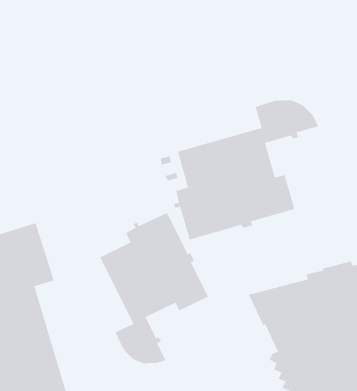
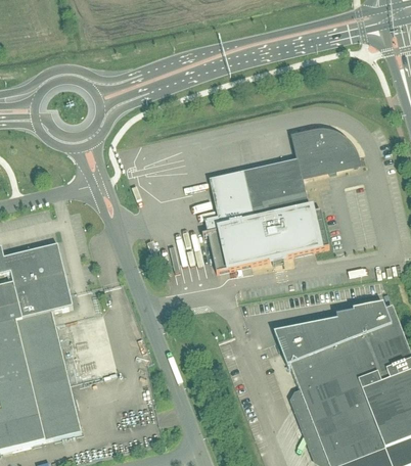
building: [99,212,209,364] -> none

